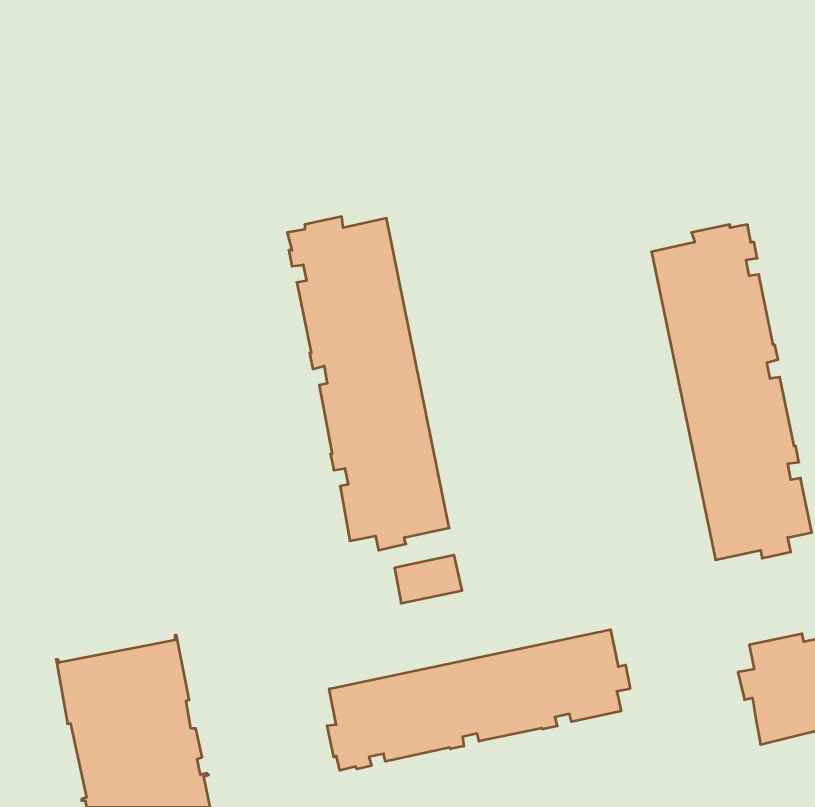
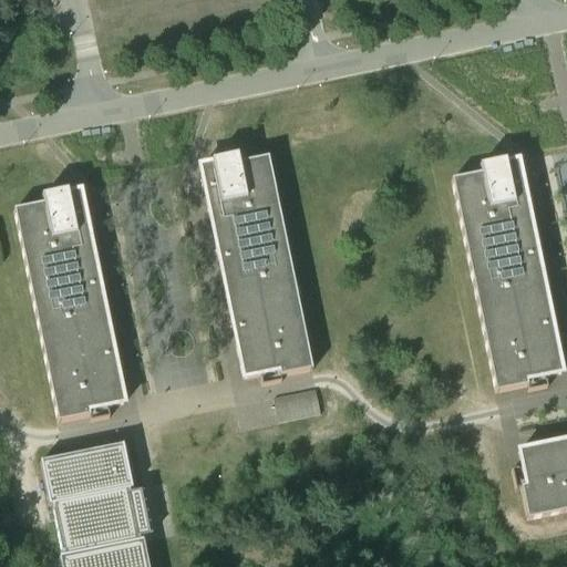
building: none -> [16,185,126,416]
building: [327,630,630,770] -> none

